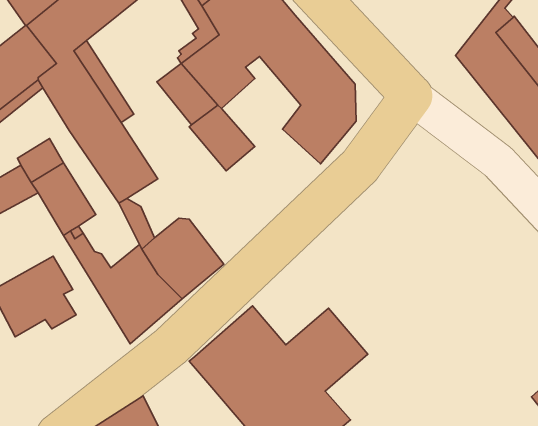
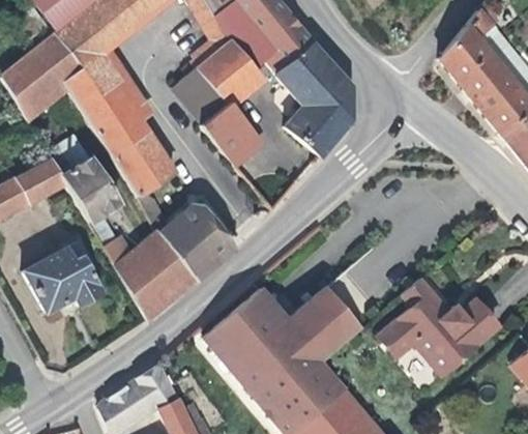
building: none -> [377,279,498,376]

